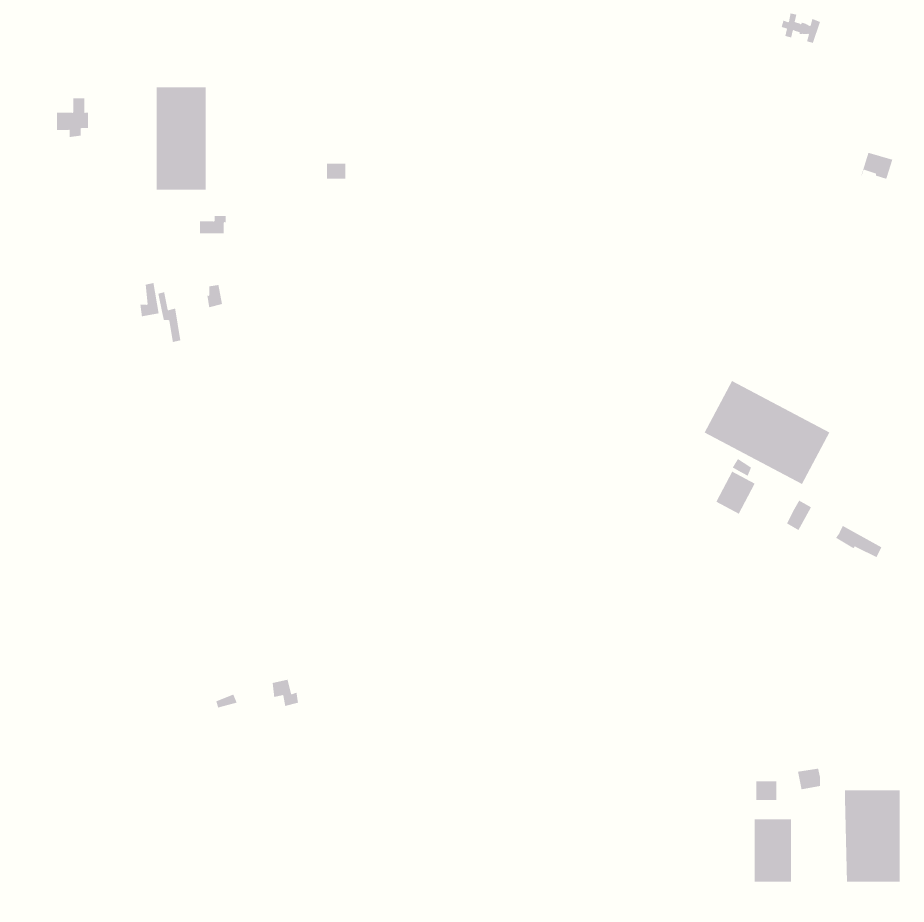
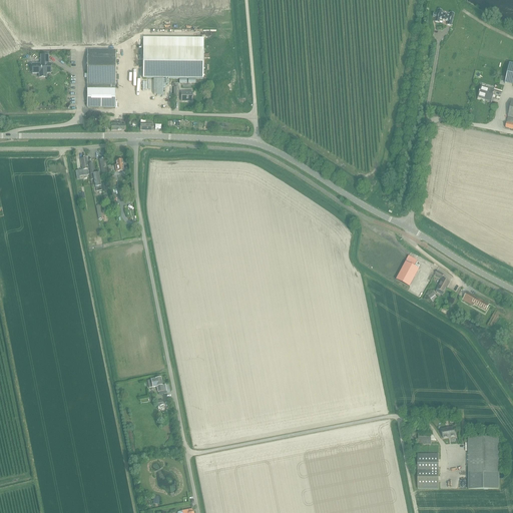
building: none -> [141,36,202,77]
building: [704,380,830,485] -> none

